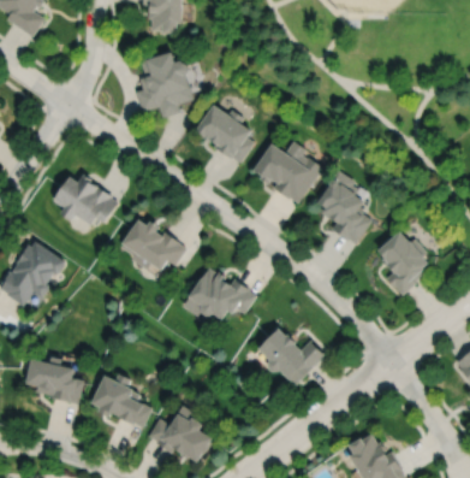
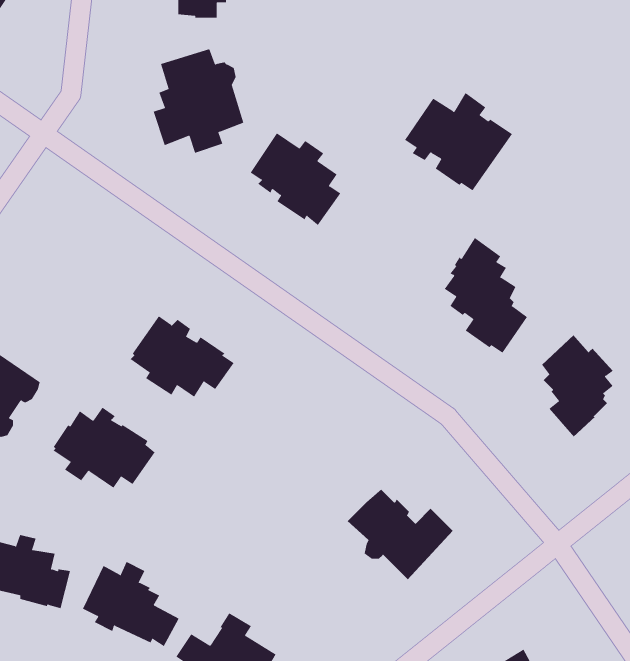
building: [254,140,322,202] -> [404,92,513,191]
building: [52,173,117,225] -> [53,407,156,489]
building: [183,267,256,320] -> none

